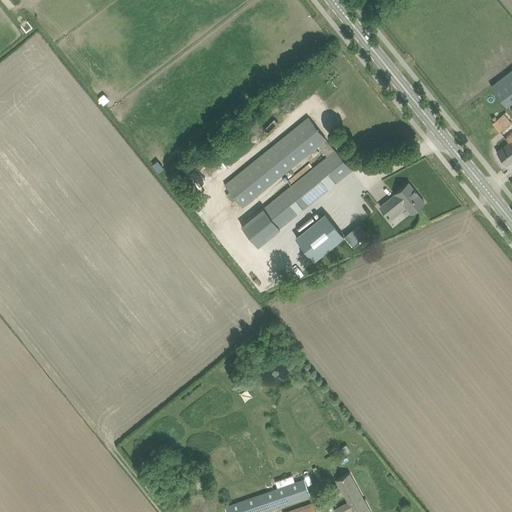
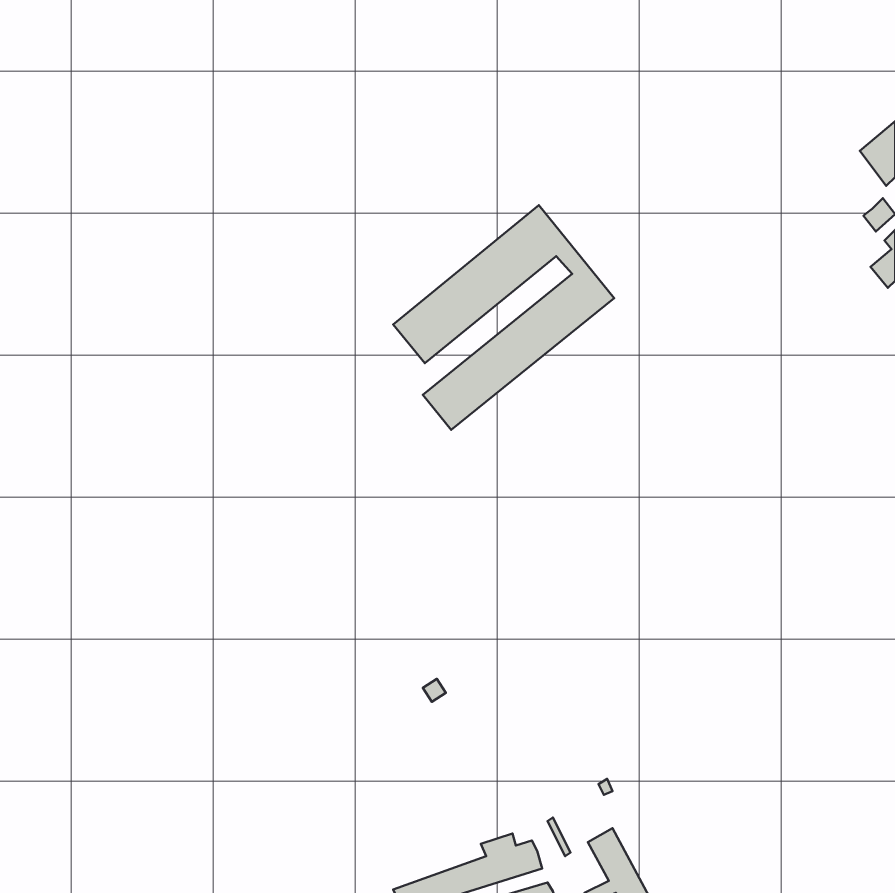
building: [379,184,424,218] -> none
building: [296,216,343,262] -> none

